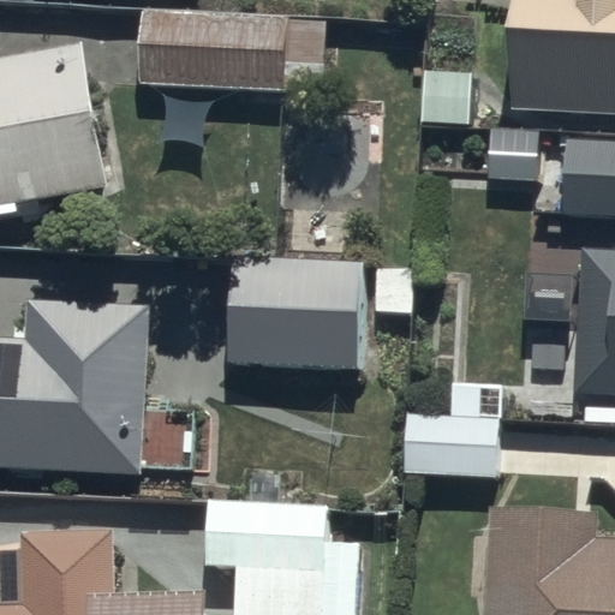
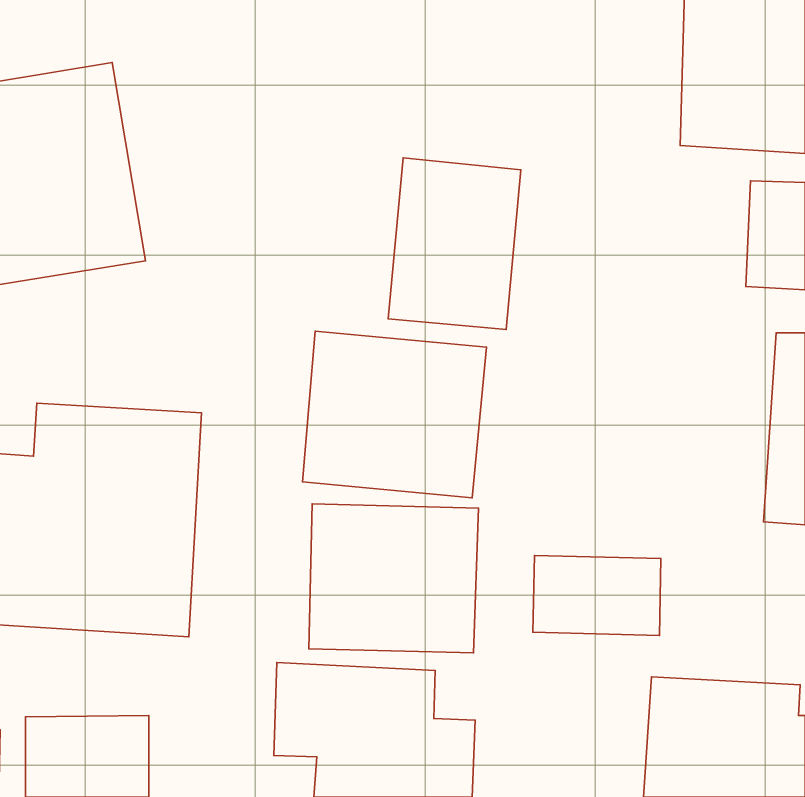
building: [136,11,321,89] -> none
building: none -> [388,158,521,330]
building: none -> [309,504,478,653]

